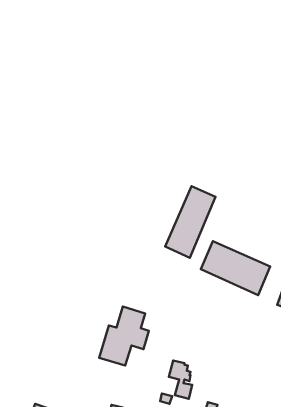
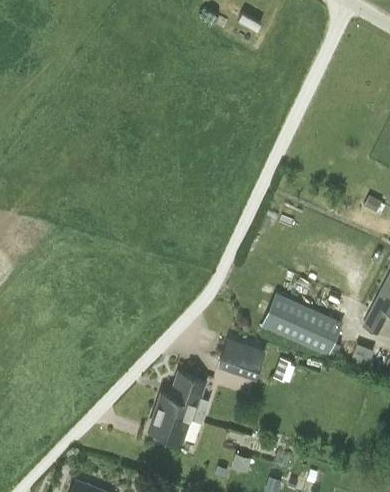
building: [165,186,216,258] -> none
building: none -> [219,340,266,379]

